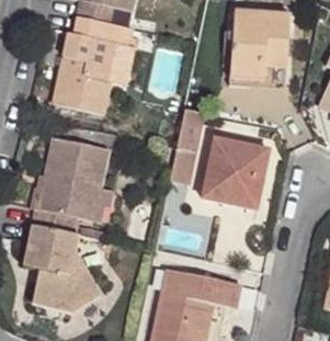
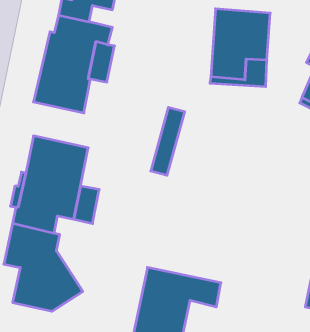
building: [202,138,268,208] -> none

